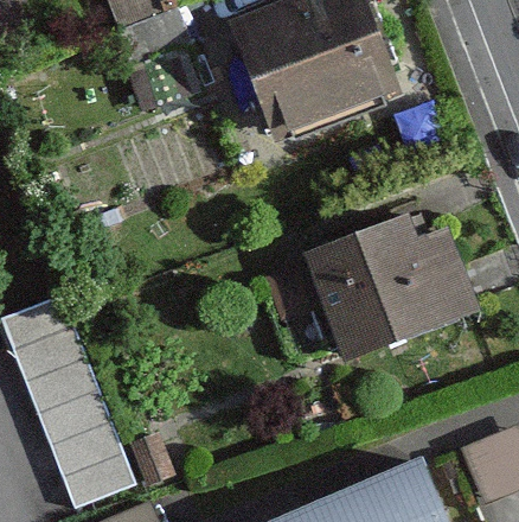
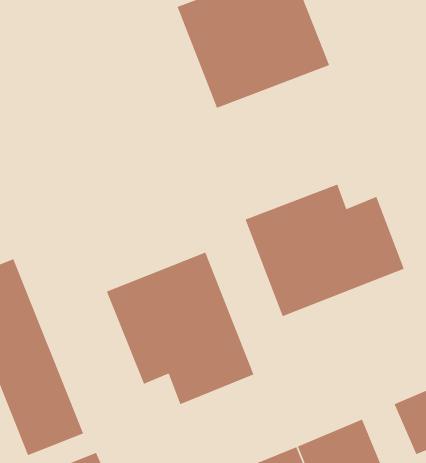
building: none -> [106,251,254,405]

